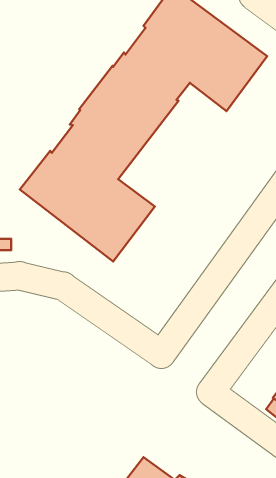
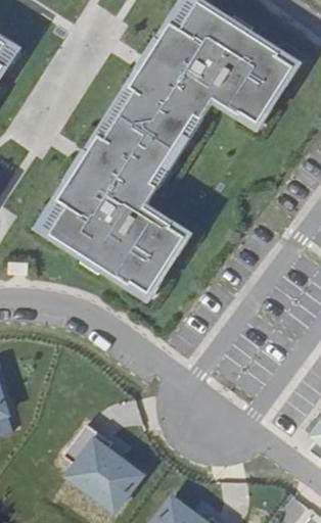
building: none -> [64,426,143,514]

